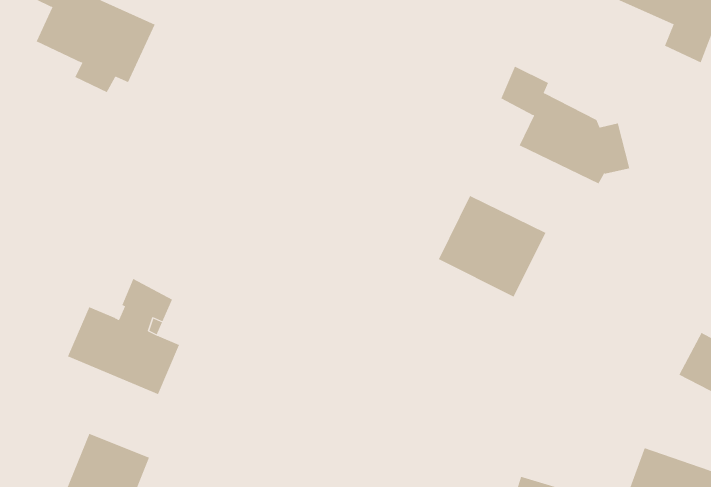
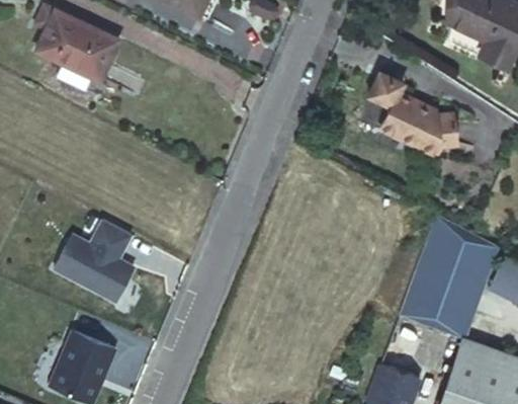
building: [438,195,546,298] -> none
building: none -> [399,216,499,340]

